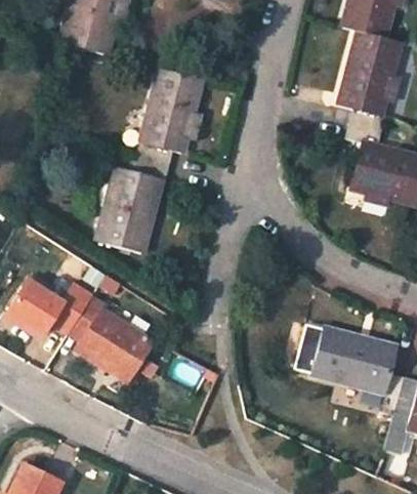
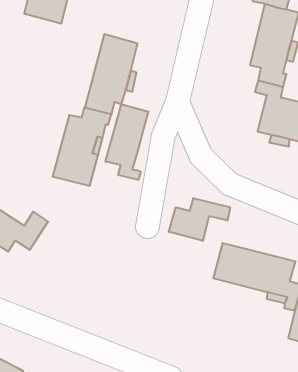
building: none -> [105,104,148,180]
building: none -> [169,198,230,241]
building: [69,293,152,382] -> none

